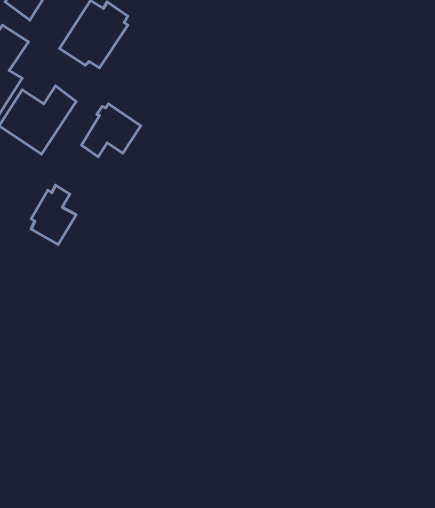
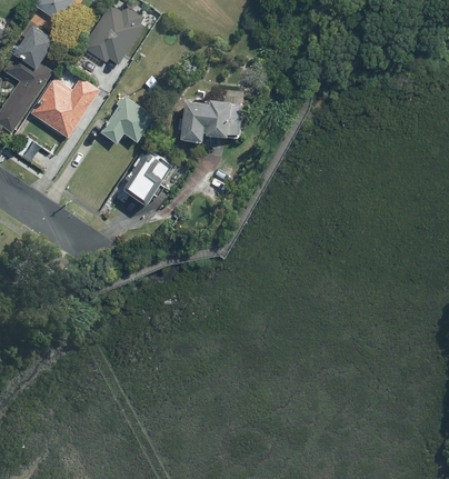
building: none -> [184,97,241,134]
building: [31,185,76,245] -> [127,148,166,199]

